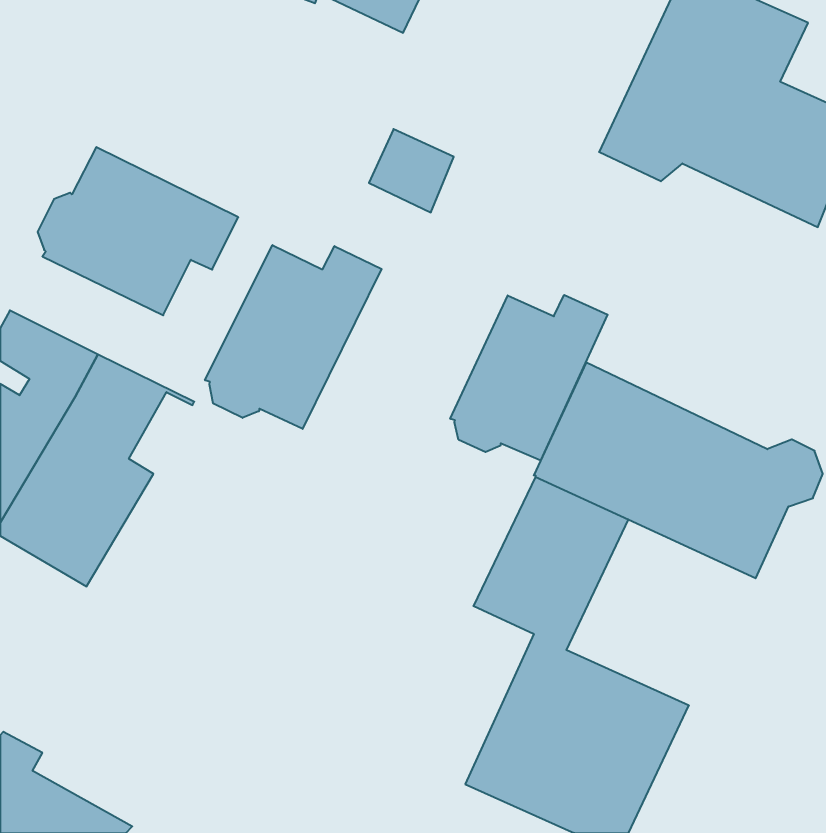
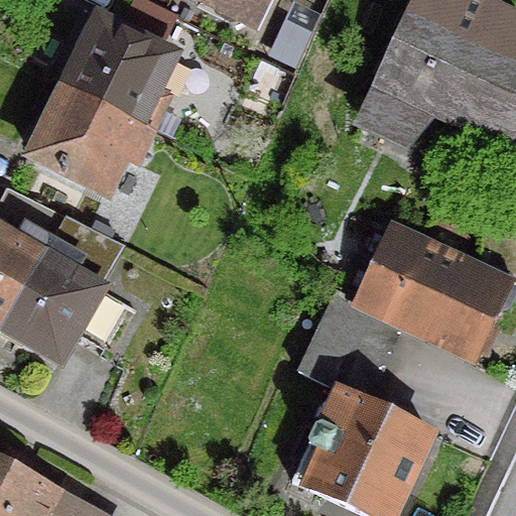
building: none -> [64,25,172,134]
building: [205,245,382,429] -> none
building: [450,295,608,461] -> none

